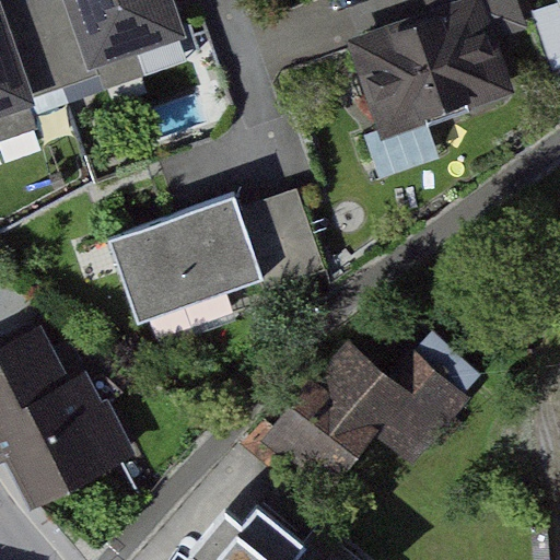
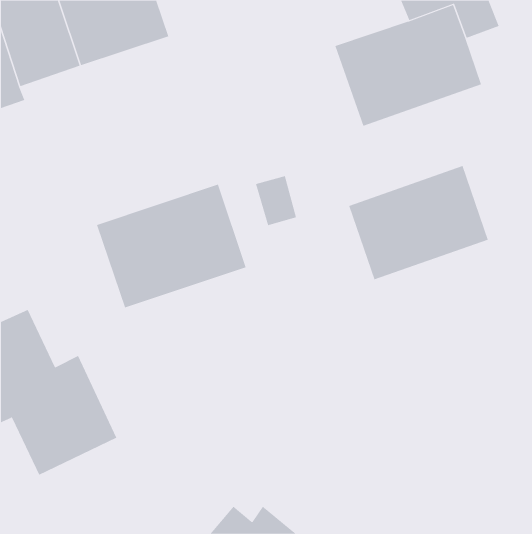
building: none -> [348,165,489,280]
building: [280,348,479,491] -> none

